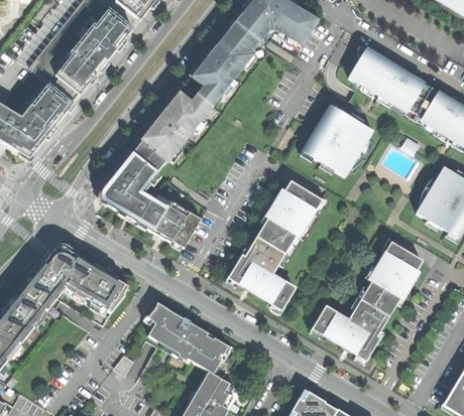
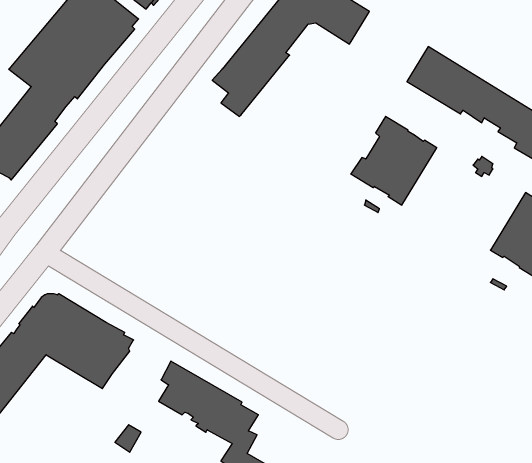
building: [102,92,214,247] -> none
building: [234,181,323,305] -> none
building: [318,242,423,357] -> none

